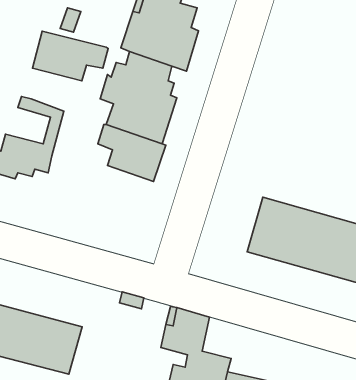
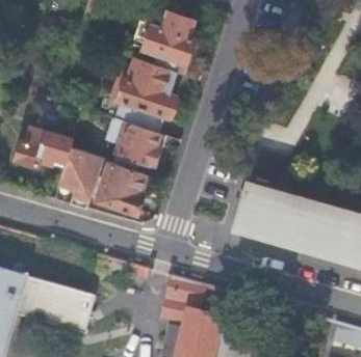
building: [32,31,108,81] -> none
building: none -> [59,147,100,209]
building: none -> [97,162,147,216]

